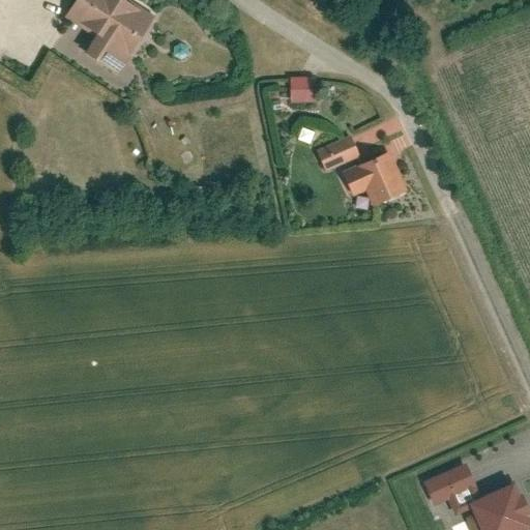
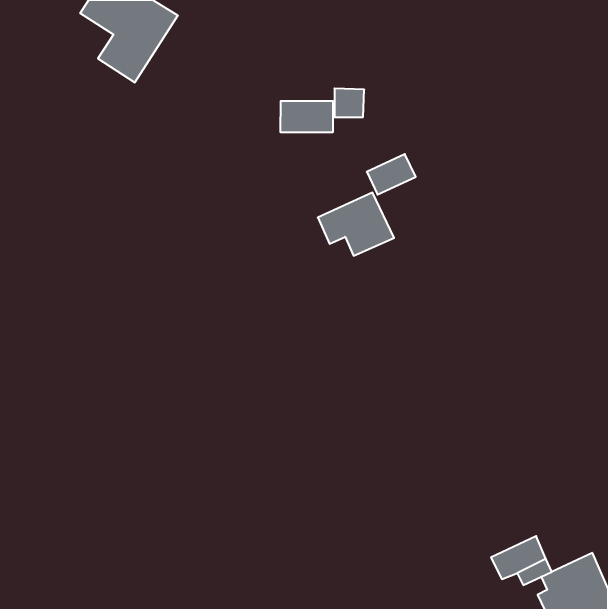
building: none -> [281,101,333,132]
building: [343,150,409,205] -> [318,193,394,256]

